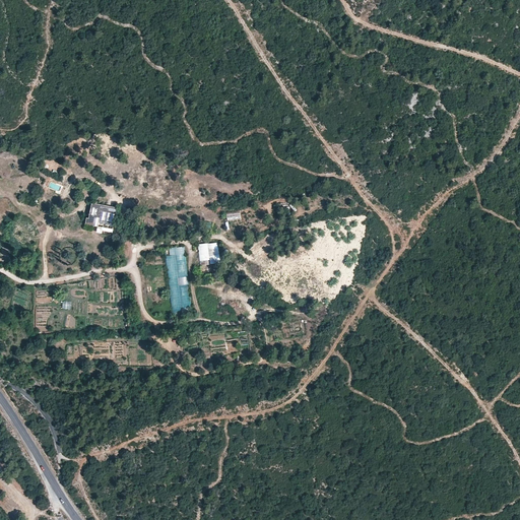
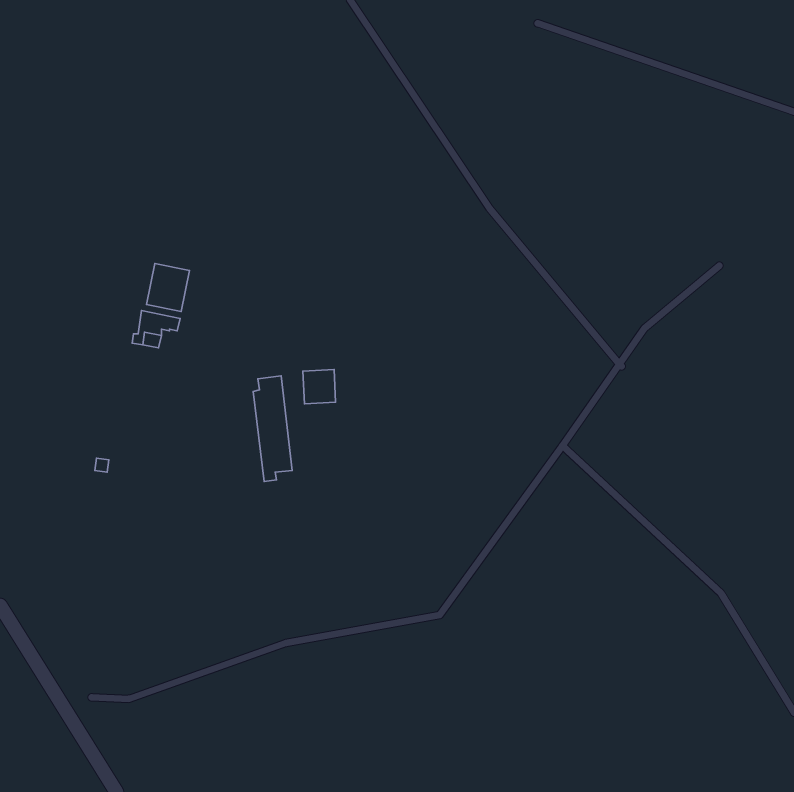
building: none -> [147,264,189,312]

